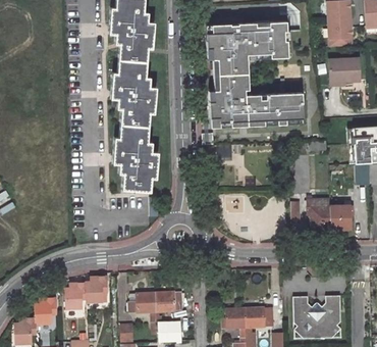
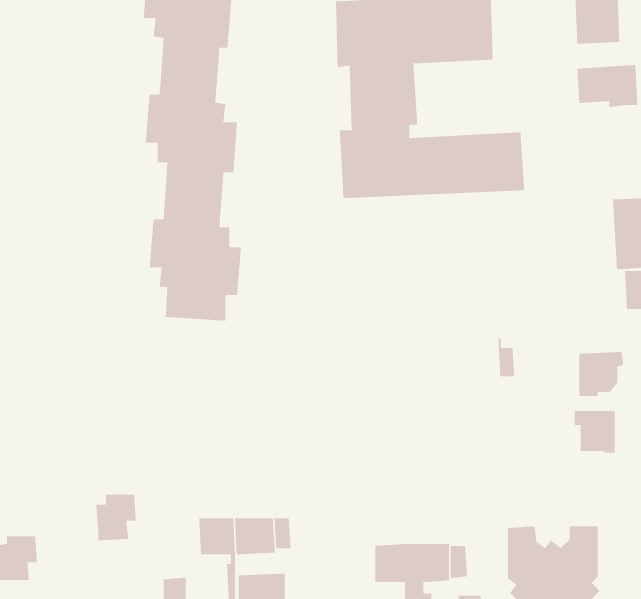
building: [311,207,332,230] -> [574,410,615,454]
building: [63,286,85,310] -> none

